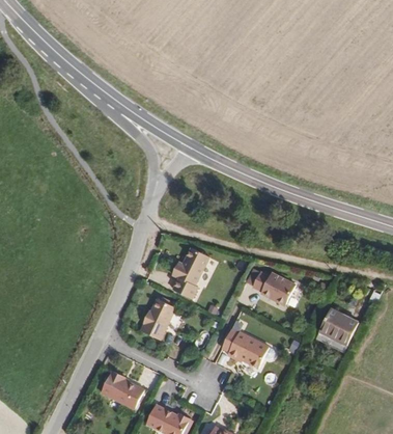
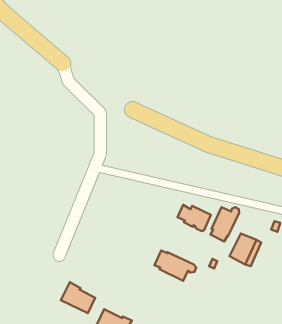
building: [171,248,208,300] -> none
building: none -> [210,207,239,241]
building: [141,299,175,340] -> none

